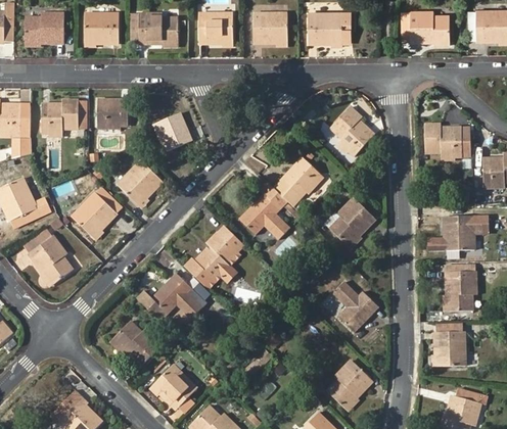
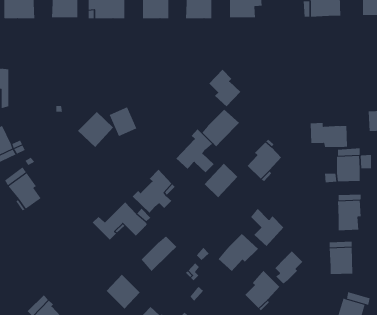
building: [97,100,128,126] -> none
building: [41,102,78,133] -> none
building: [331,107,372,155] -> [209,69,241,107]
building: [155,113,191,151] -> [109,107,137,137]
building: [423,125,471,156] -> [310,122,348,148]
building: [72,192,117,238] -> none
building: none -> [204,163,238,198]
building: none -> [218,233,259,272]
building: none -> [141,235,177,272]
building: [112,322,159,367] -> none
building: none -> [274,251,303,284]

